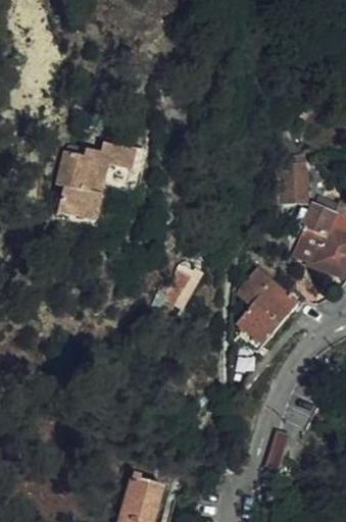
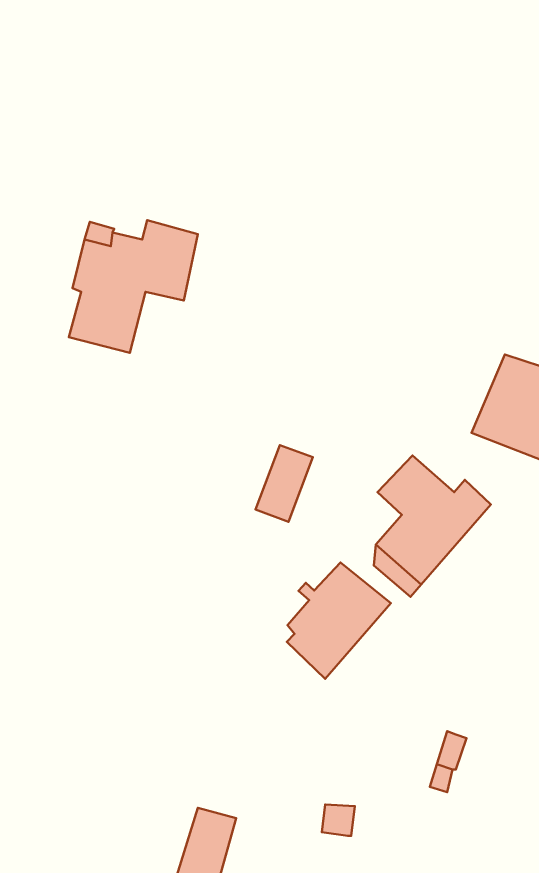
building: [283,159,305,208] -> none
building: none -> [287,562,391,679]

